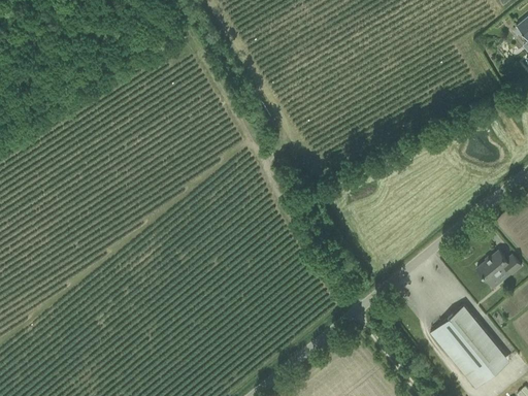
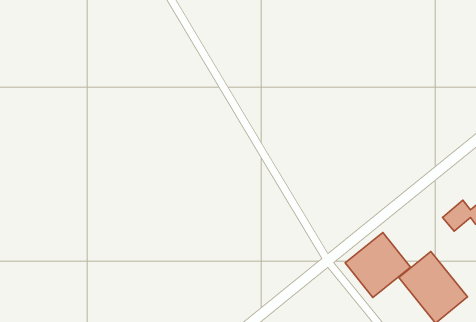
building: none -> [345,233,410,297]

